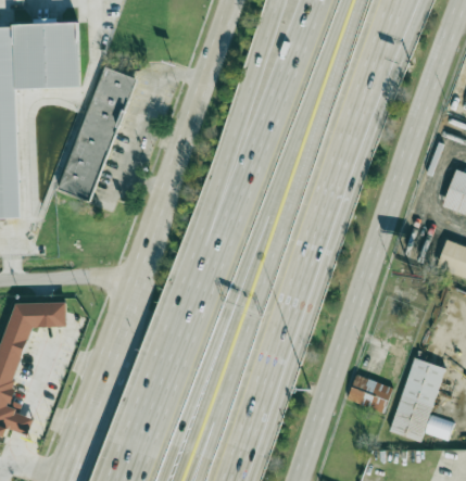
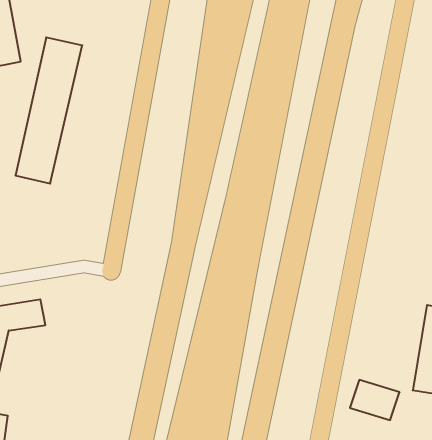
building: [347,374,393,414] -> [350,380,400,420]

